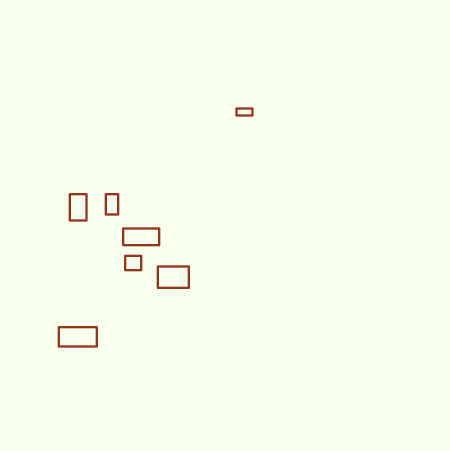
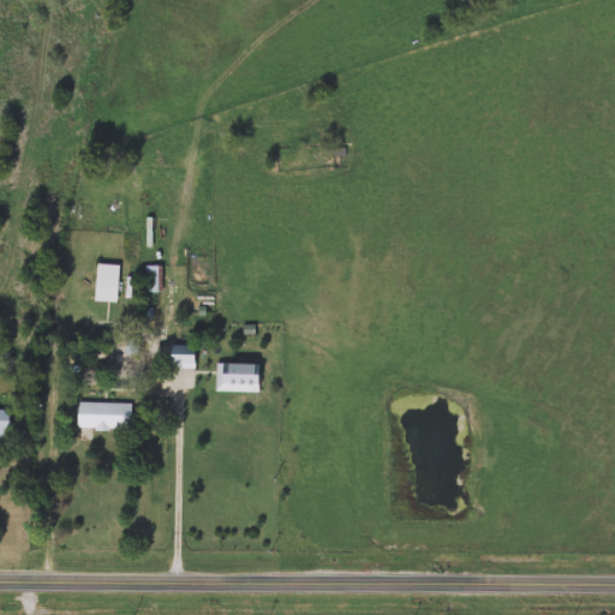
building: [123,229,159,245] -> none
building: [59,327,97,347] -> [78,402,130,429]

